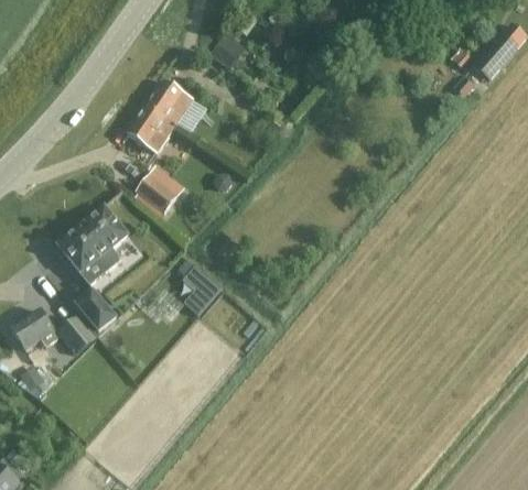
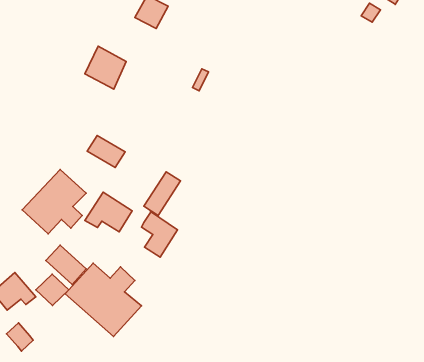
building: [128,106,175,152] -> none
building: none -> [144,172,181,216]
building: none -> [85,192,132,232]
building: none -> [65,263,142,337]

